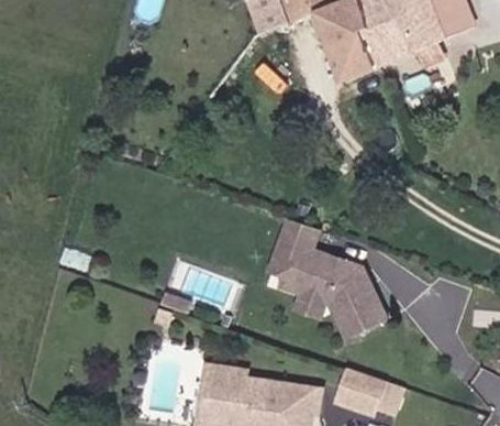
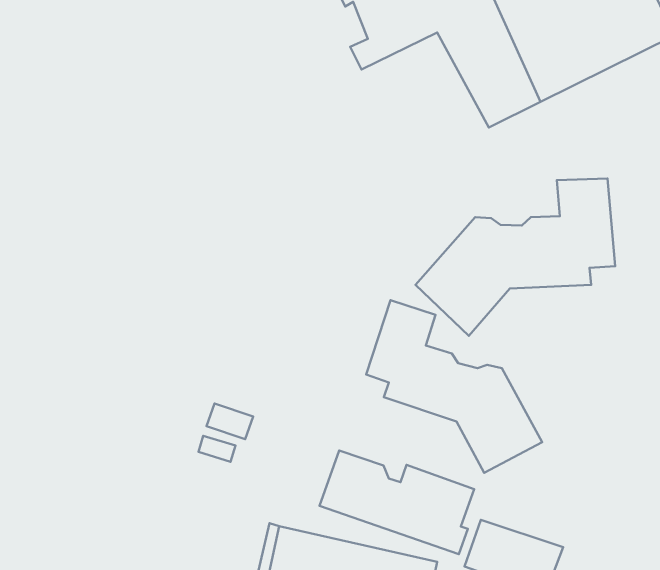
building: none -> [416,179,615,336]
building: none -> [319,450,474,554]

